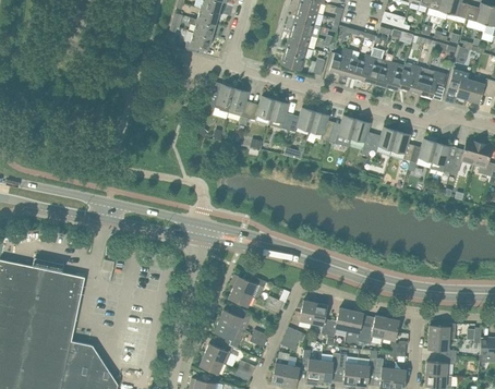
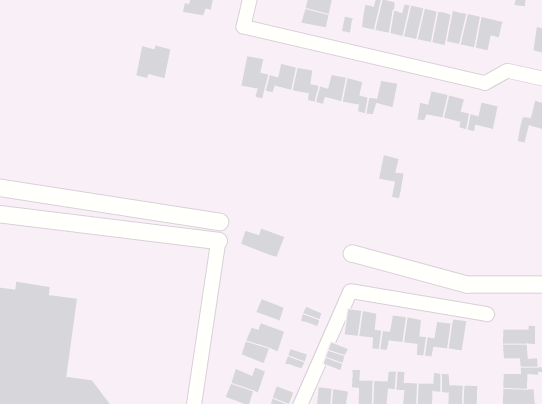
building: [447,69,472,99] -> none
building: [204,84,234,112] -> [136,45,171,79]
building: [351,119,373,156] -> [378,155,404,199]
building: [430,143,454,172] -> none
building: [229,272,266,297] -> [240,228,285,257]

